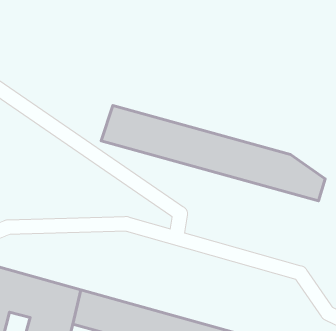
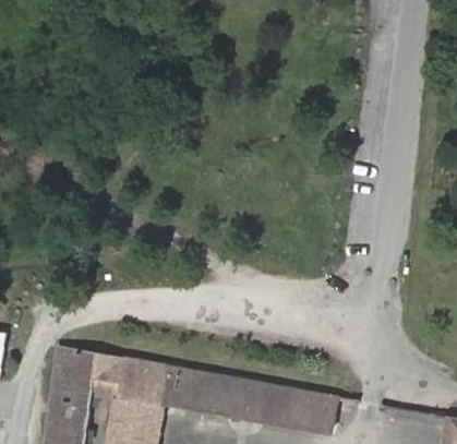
building: [101,106,325,201] -> none

